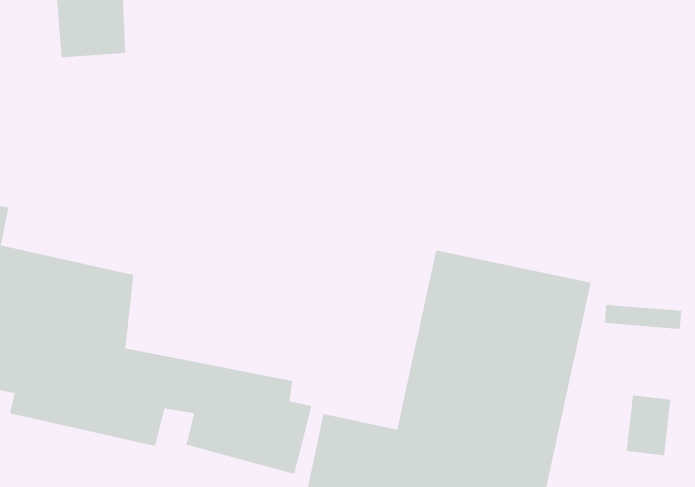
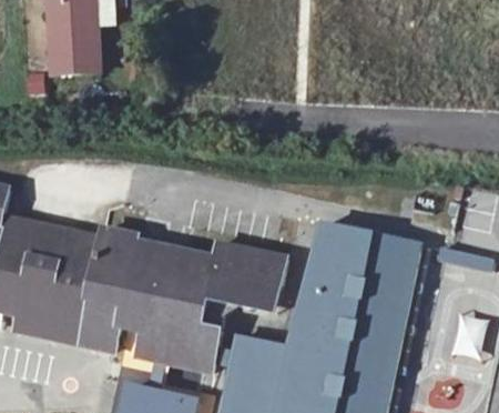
building: none -> [94,224,291,311]

